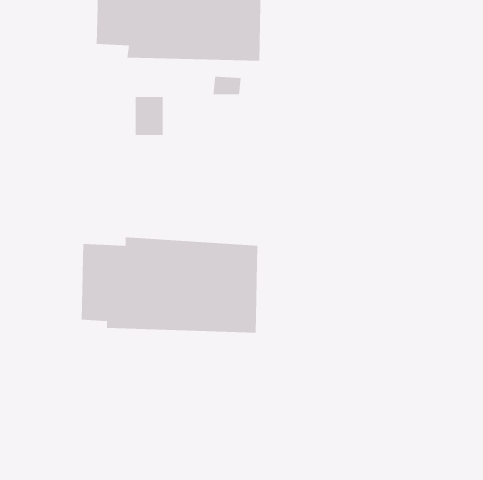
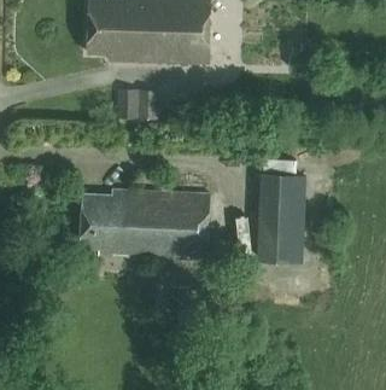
building: none -> [257,173,306,262]

